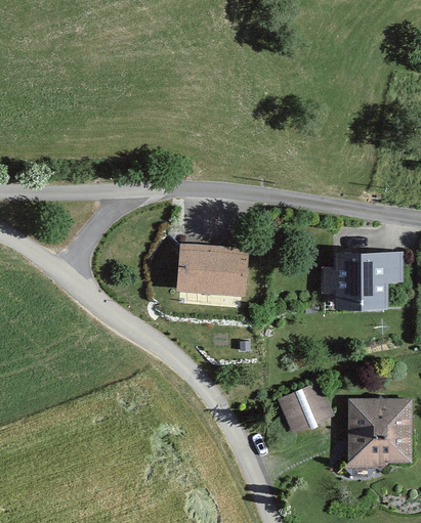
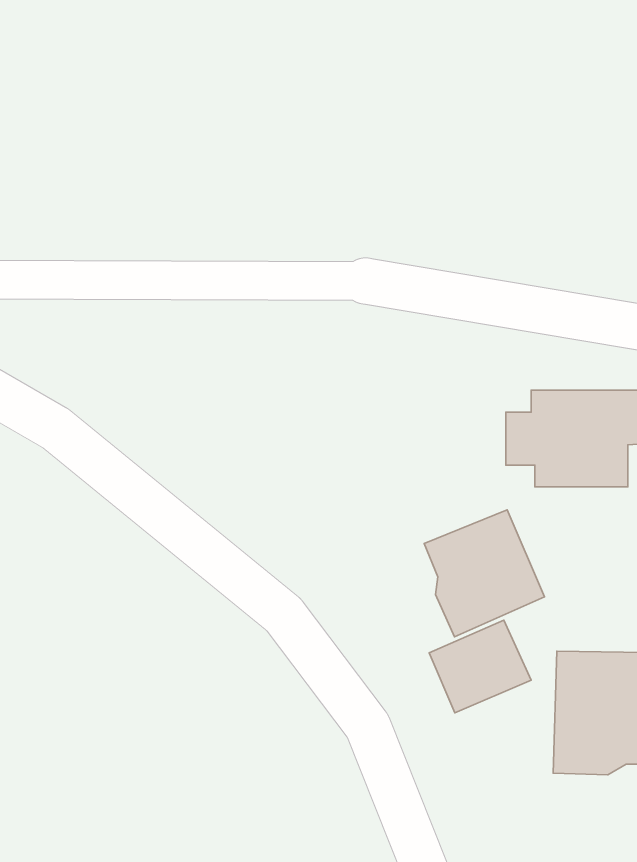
building: [177,244,249,295] -> none
building: none -> [424,510,544,637]

